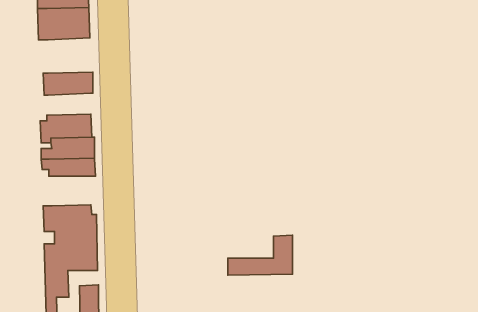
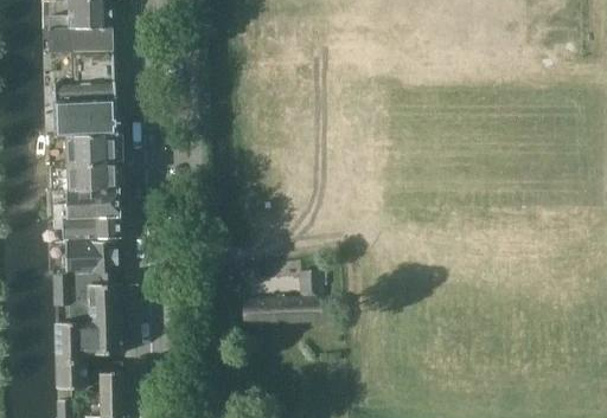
building: none -> [49,65,116,109]
building: none -> [51,134,114,161]
building: none -> [65,242,117,274]
building: [228,235,292,275] -> [242,272,322,322]

